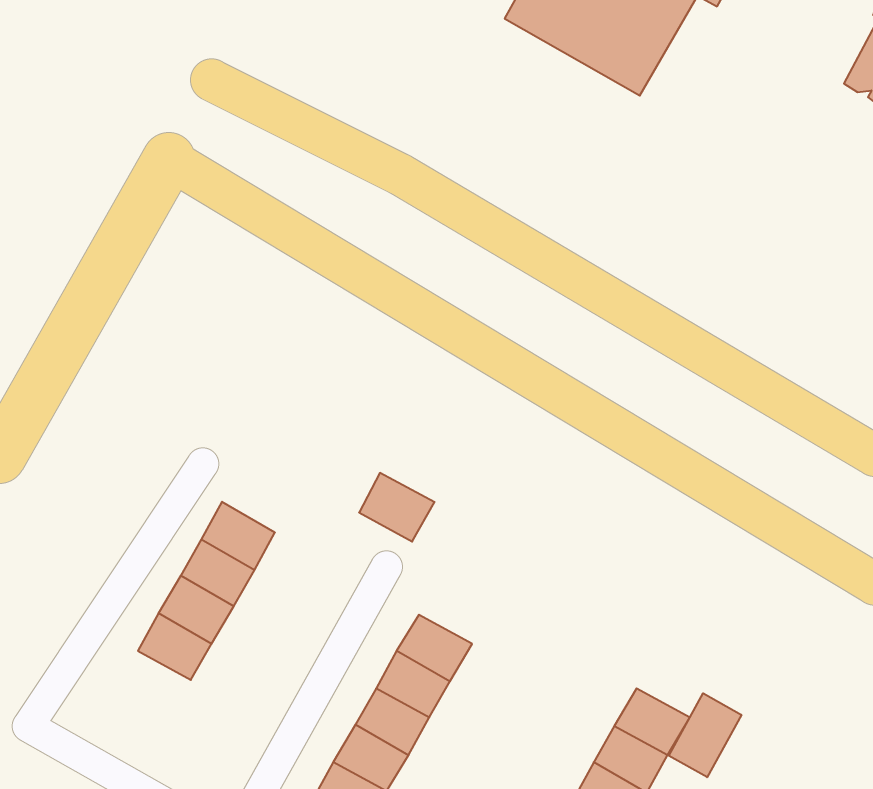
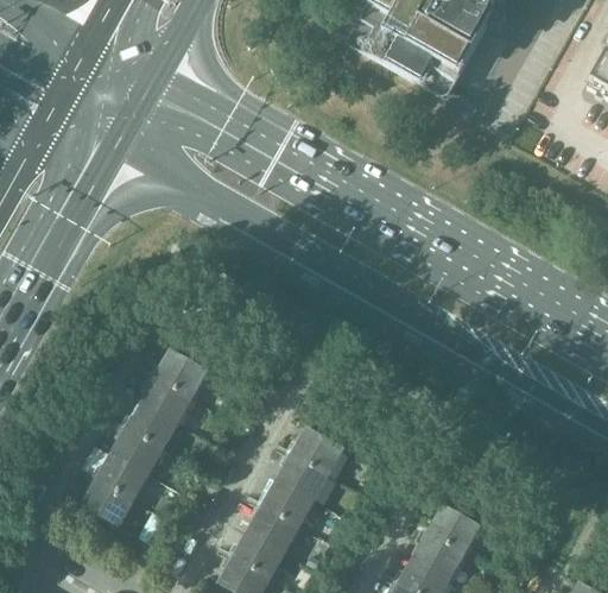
building: none -> [156,348,208,396]
building: [359,473,435,542] -> [292,425,344,473]
building: none -> [82,478,134,524]
building: [669,693,741,777] -> none

